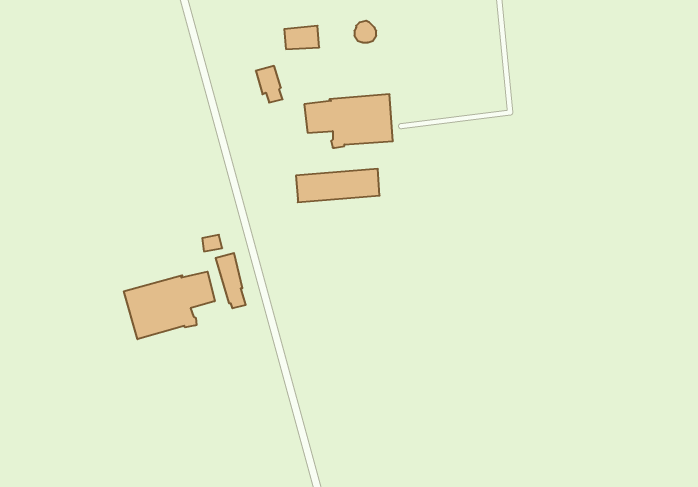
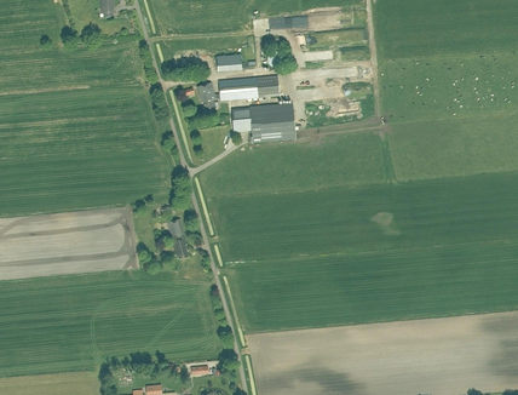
building: [296,169,380,202] -> [218,74,278,98]
building: [124,272,215,339] -> none

